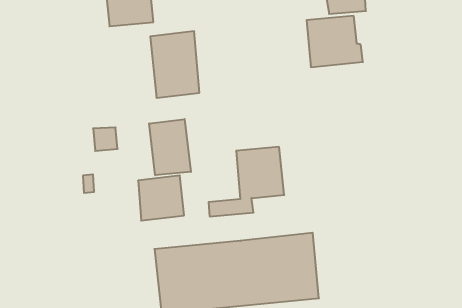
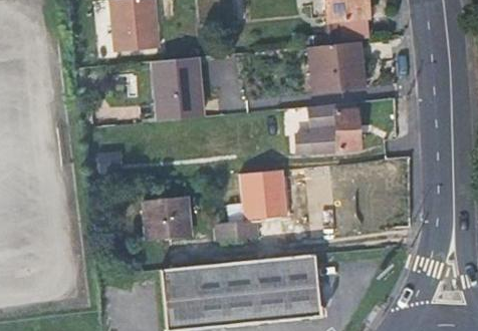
building: none -> [295,102,360,153]
building: [149,119,191,175] -> none

